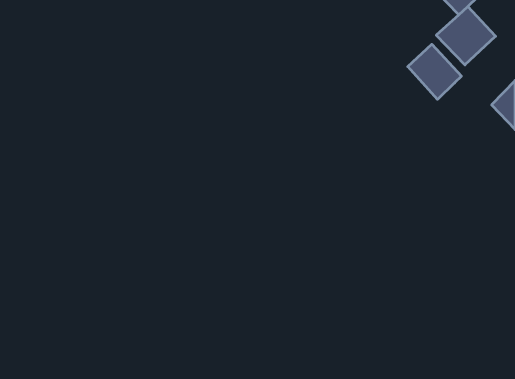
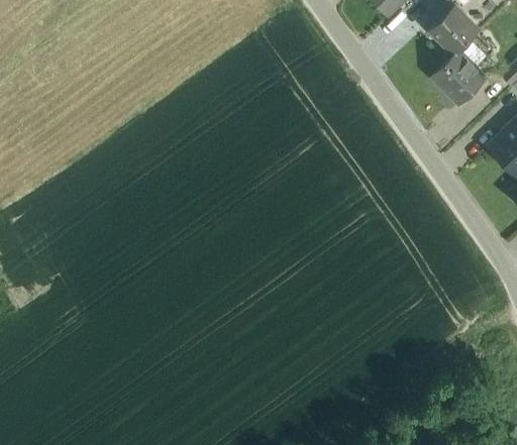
building: [408,44,461,99] -> none

